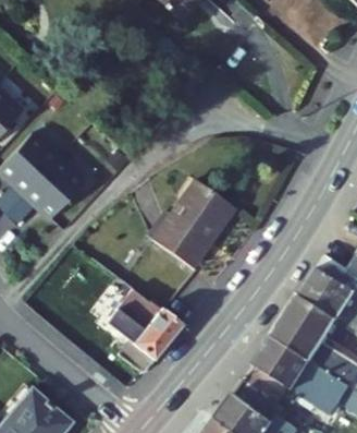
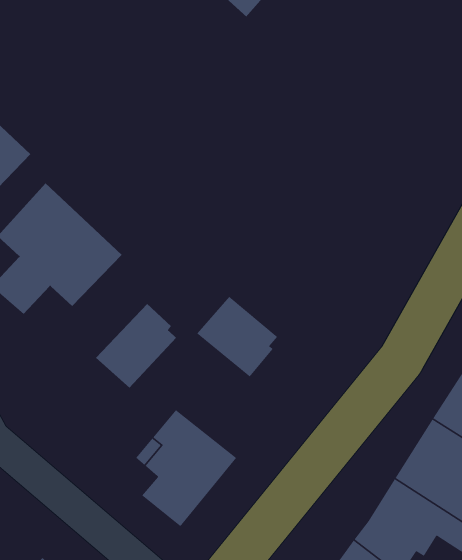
building: [161,178,221,237] -> none
building: none -> [95,303,177,389]

